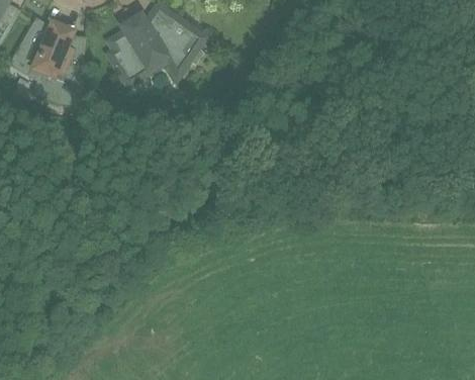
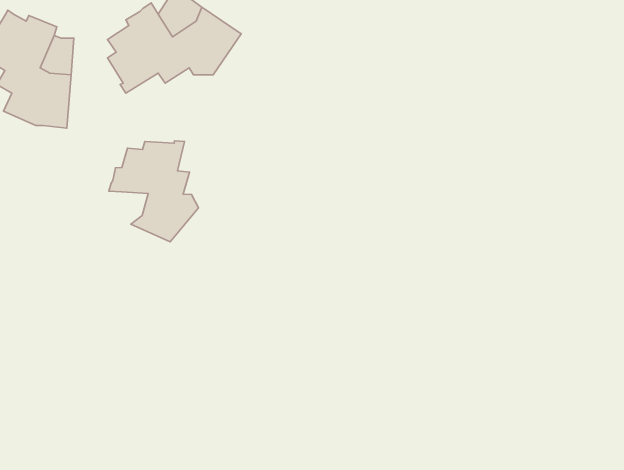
building: none -> [109,141,198,242]

